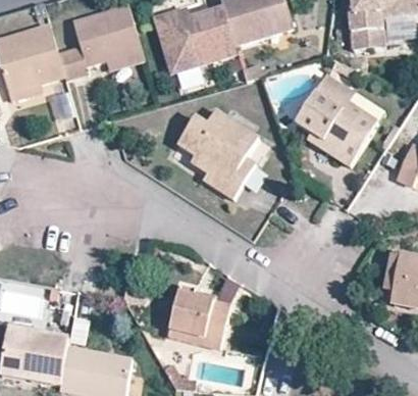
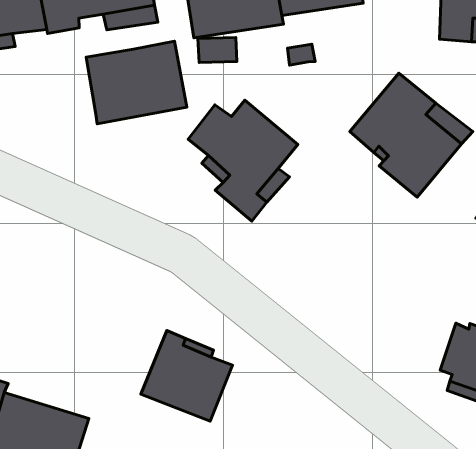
building: none -> [86,41,187,124]

